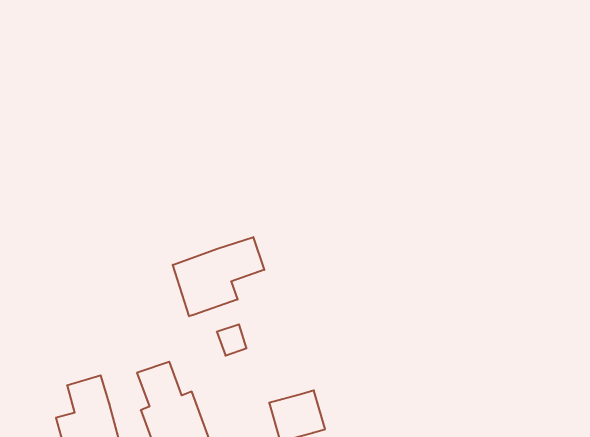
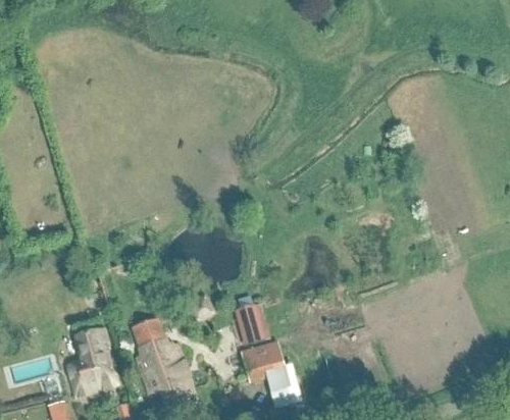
building: [173,237,264,316] -> none
building: none -> [235,300,269,344]

